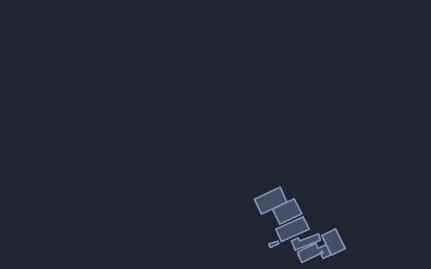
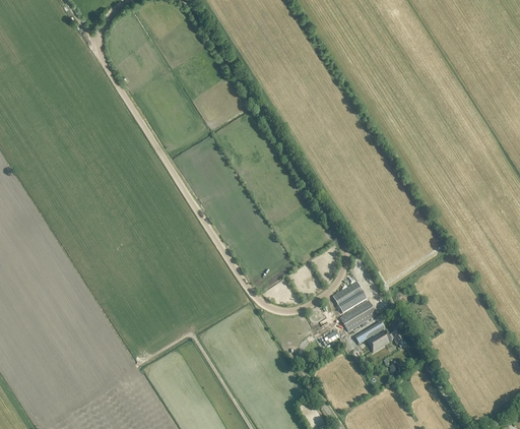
building: [255,187,287,214] -> none
building: [322,229,345,255] -> none

